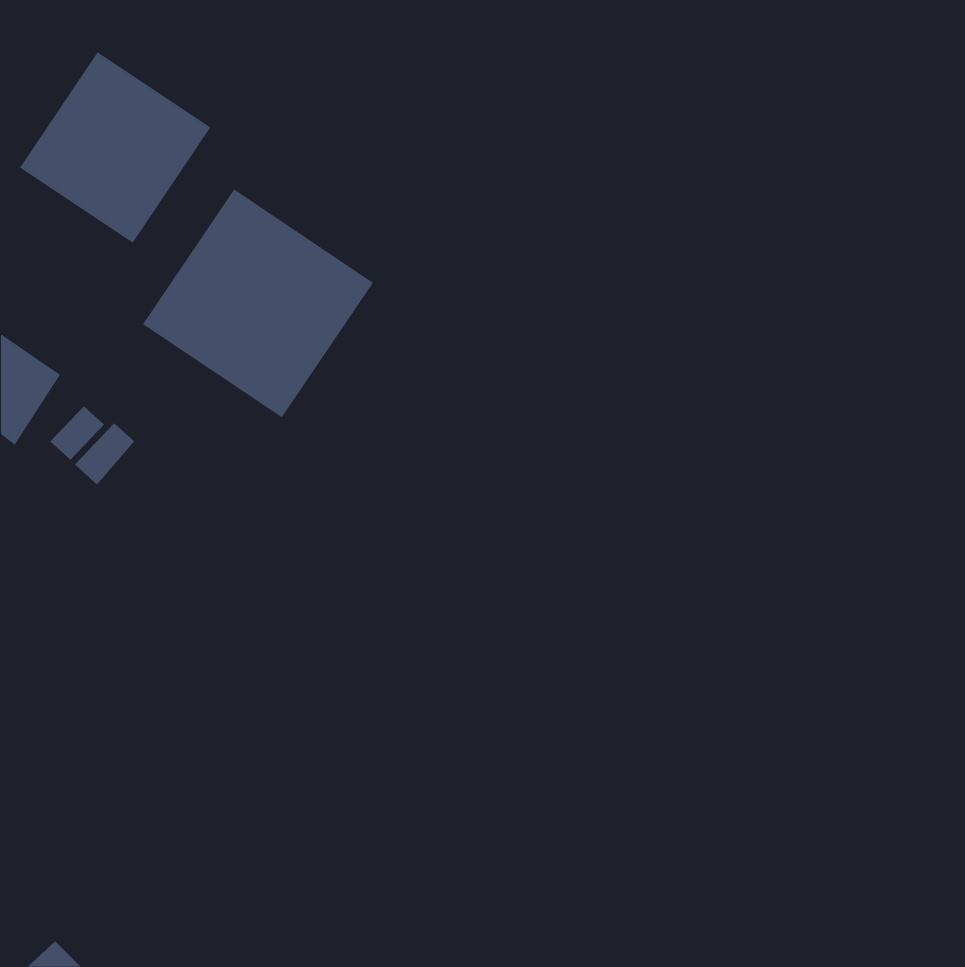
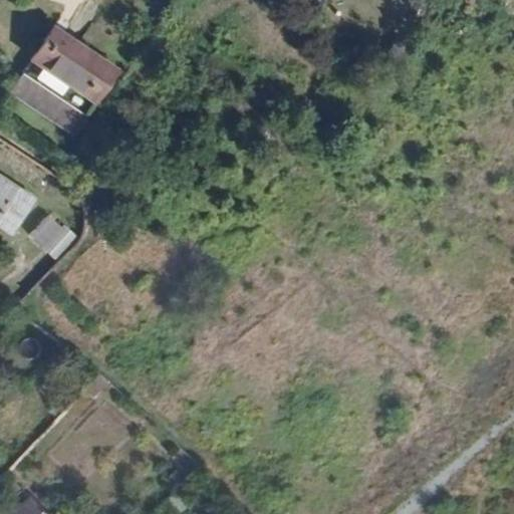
building: [142,189,374,418] -> none

